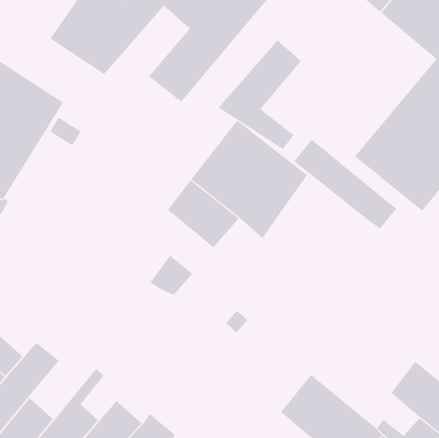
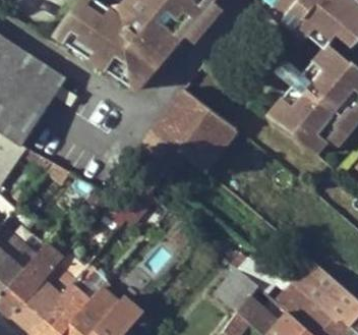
building: [218,39,302,150] -> [93,10,152,88]
building: [293,139,397,230] -> none

